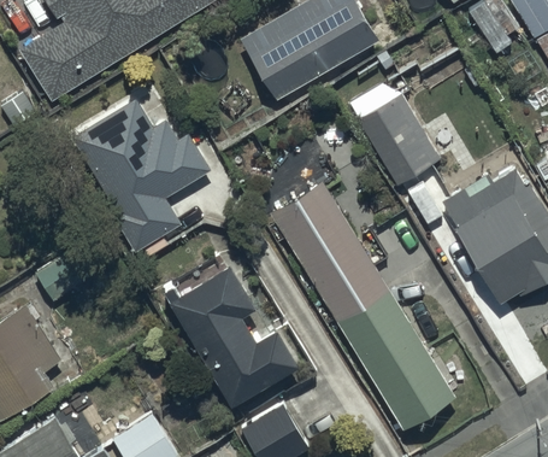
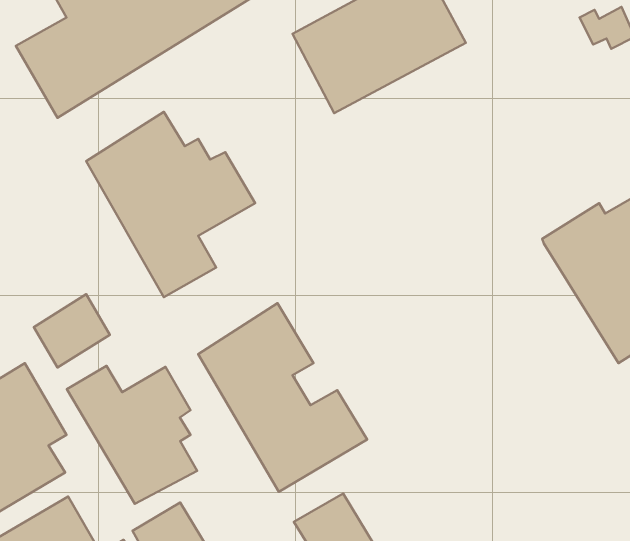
building: [342,89,437,184] -> none
building: [272,181,453,427] -> none
building: none -> [67,366,197,504]

